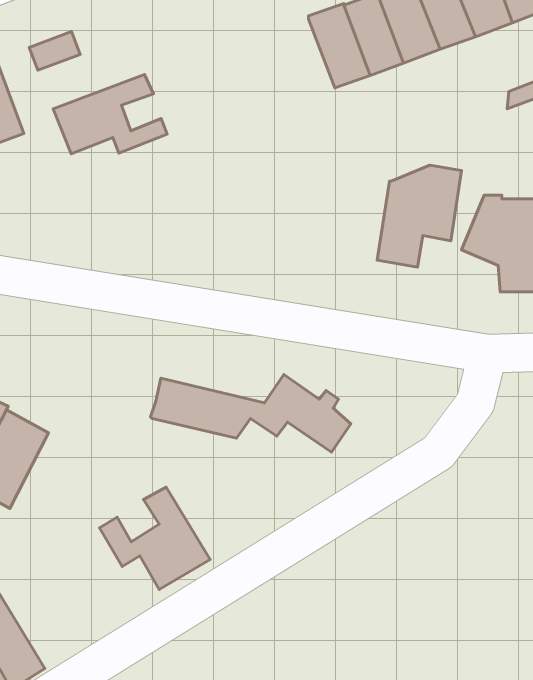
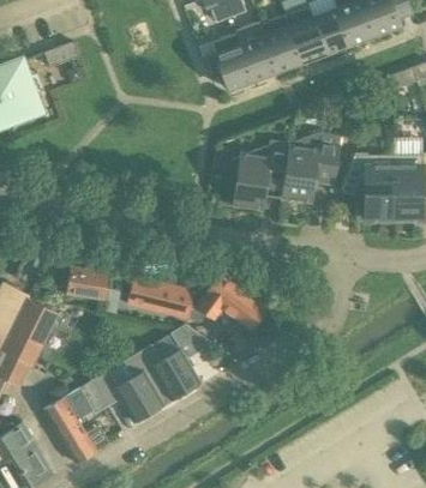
building: none -> [206,32,254,89]
building: [53,75,167,154] -> none
building: none -> [234,139,292,209]
building: none -> [68,267,112,301]
building: none -> [139,324,214,400]
building: none -> [44,379,109,463]

